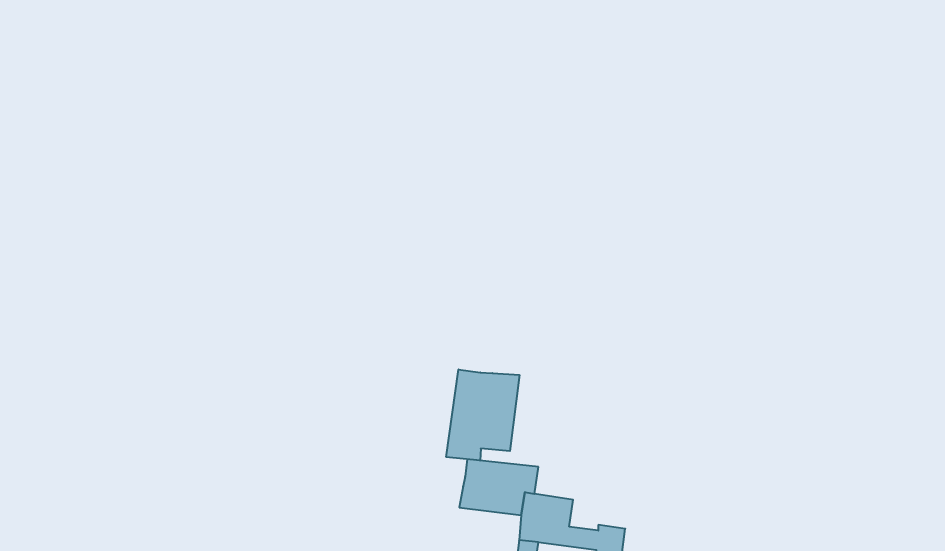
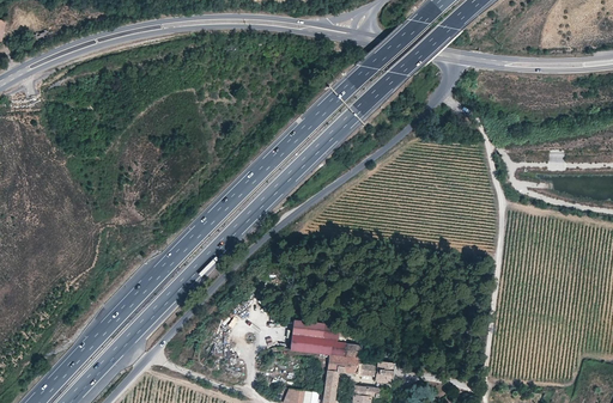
building: [446,369,519,461] -> none

